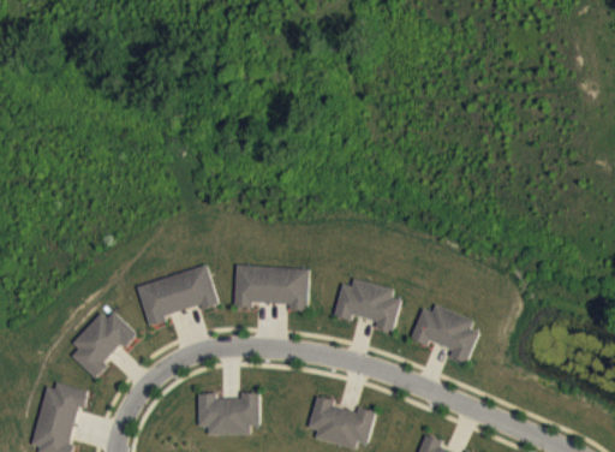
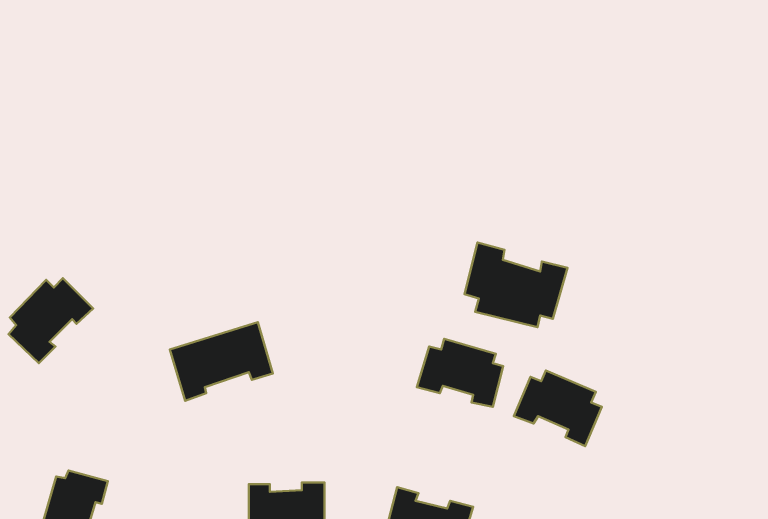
building: none -> [464,242,567,327]
building: [233,264,310,310] -> none
building: [71,311,138,379] -> [8,278,93,363]

